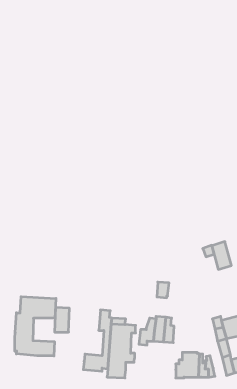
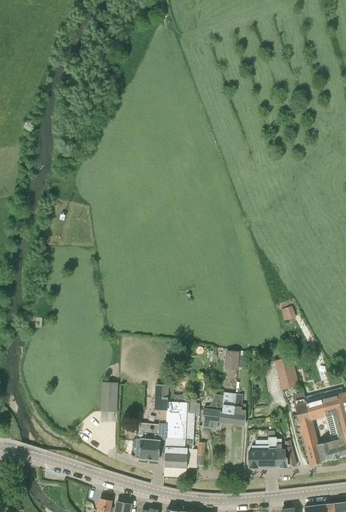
building: [212,242,231,269] -> [275,356,299,390]
building: [15,297,56,356] -> none

